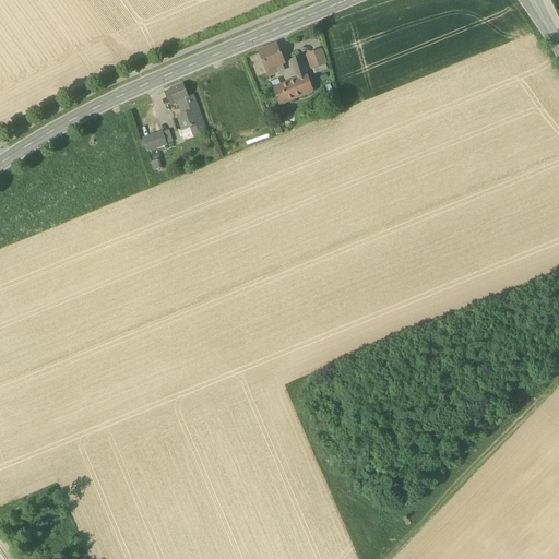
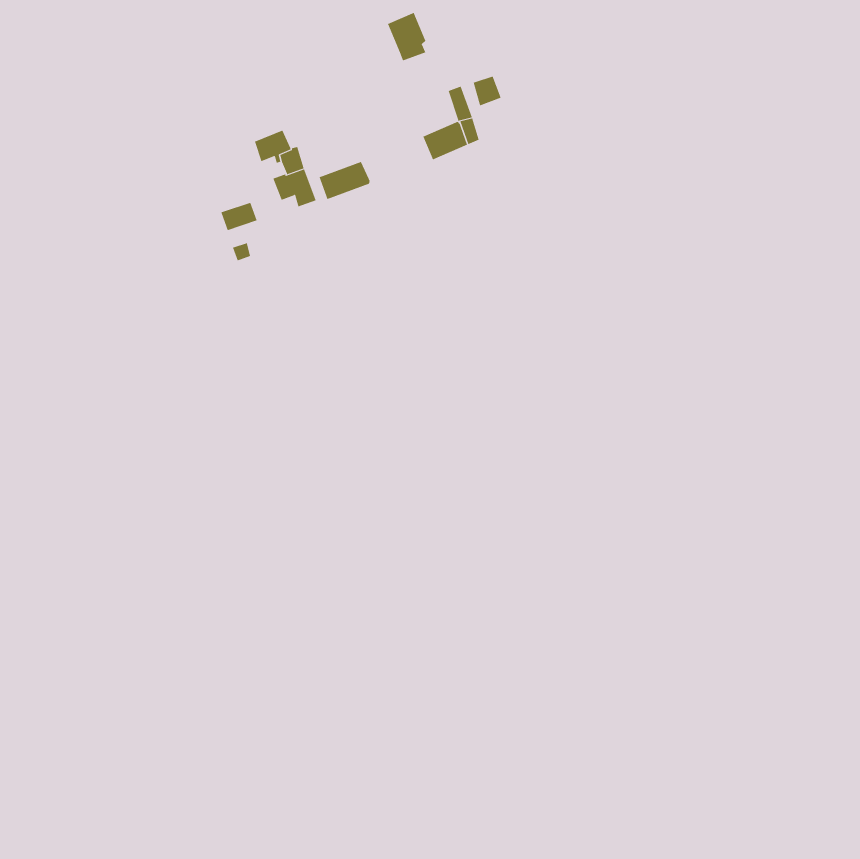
building: [259,44,284,75] -> [387,12,426,61]
building: none -> [319,161,371,200]

